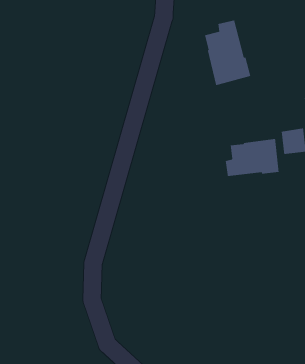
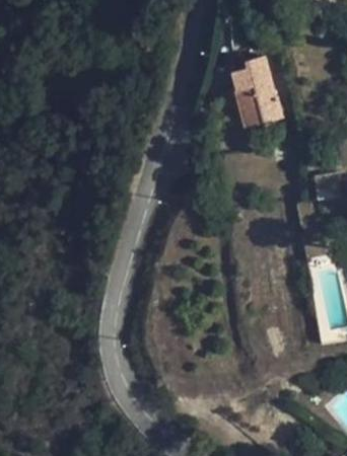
building: [225,138,279,177] -> none

